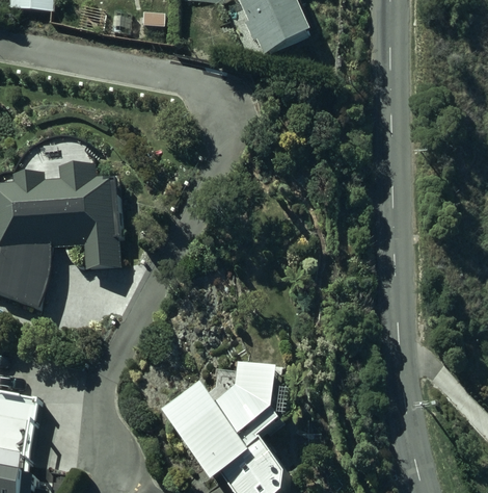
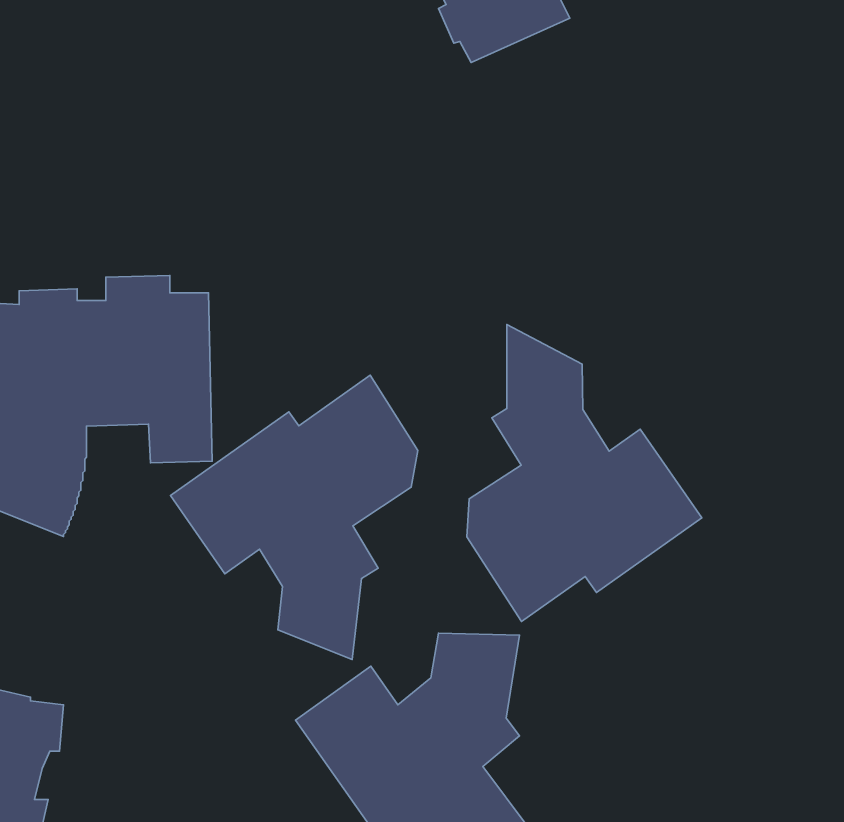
building: none -> [467,325,702,621]
building: none -> [170,375,418,659]

